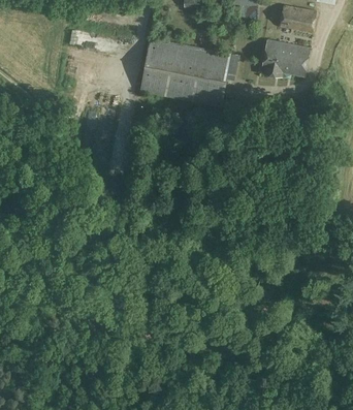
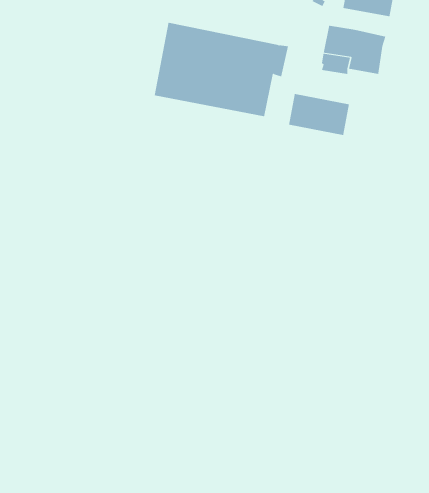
building: none -> [289,93,349,136]

